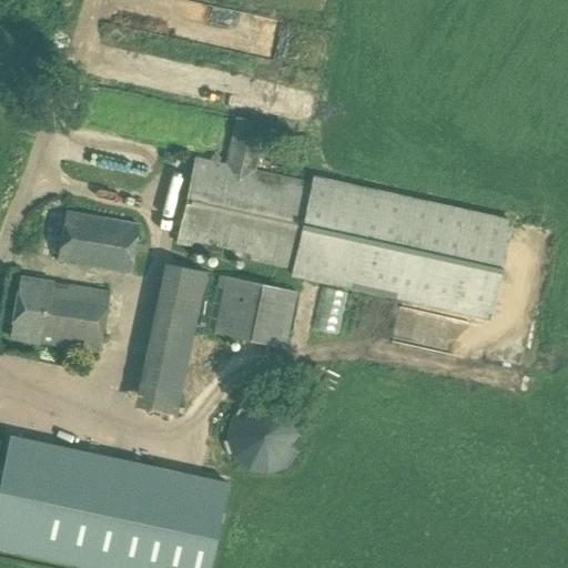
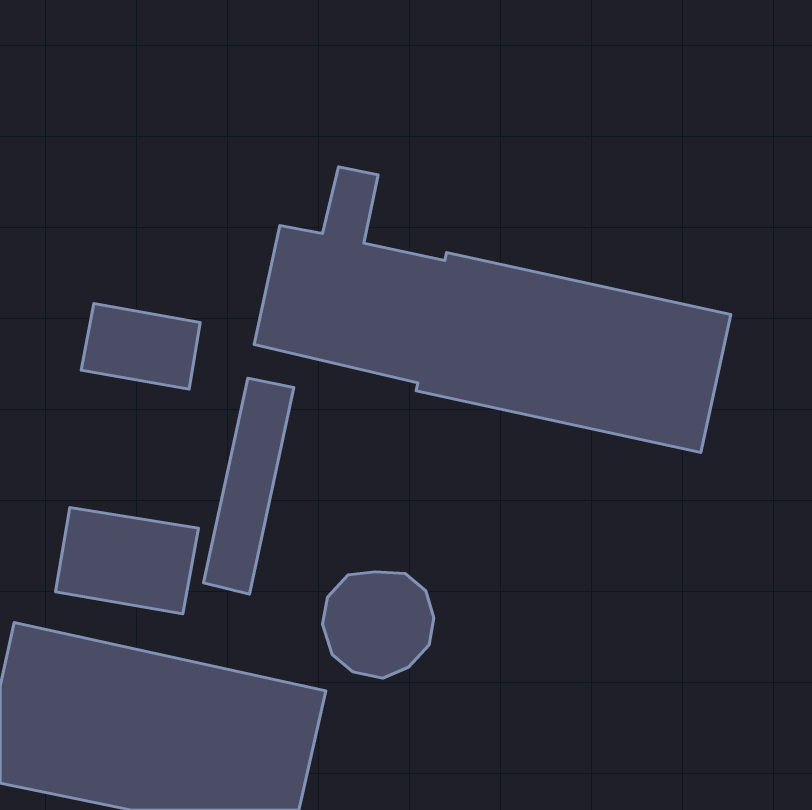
building: [215,276,295,347] -> none
building: [10,277,110,352] -> [56,508,199,614]

